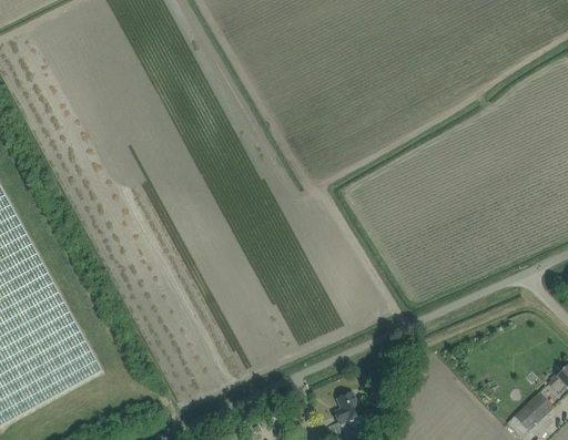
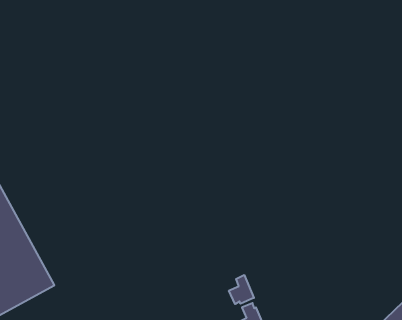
building: none -> [229,275,254,304]

